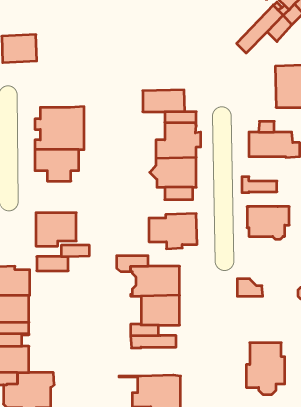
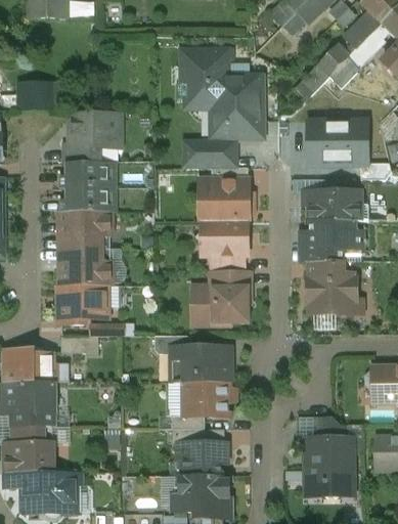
building: none -> [176,49,261,136]
building: none -> [64,113,118,163]
building: none -> [307,115,341,164]
building: none -> [309,220,360,249]
building: none -> [60,249,110,286]
building: none -> [309,261,343,278]
building: none -> [212,270,248,288]
building: [237,279,263,296] -> [317,417,347,437]
building: none -> [183,442,229,476]

